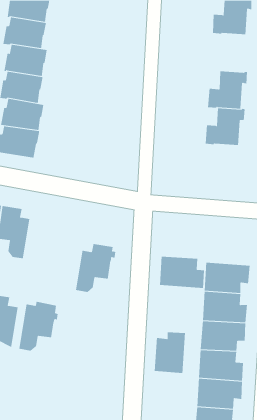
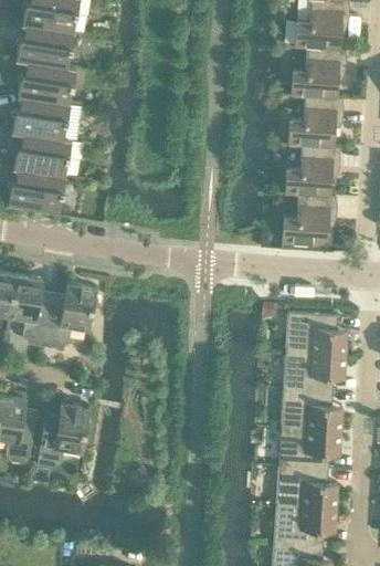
building: none -> [292,46,346,98]
building: none -> [283,193,336,245]
building: [75,243,116,293] -> [44,284,98,349]
building: [159,256,205,289] -> [286,312,347,355]
building: [154,332,185,374] -> none

